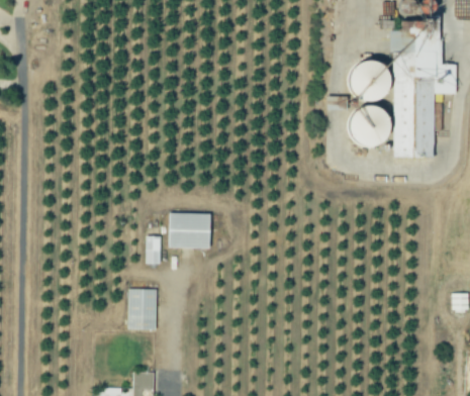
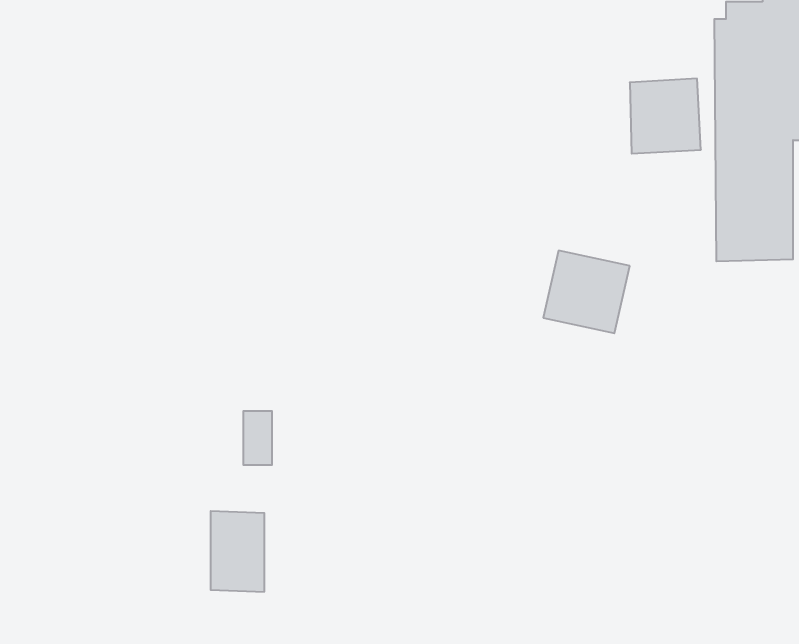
building: [343,104,388,147] -> [543,251,630,333]
building: [168,212,210,249] -> none

